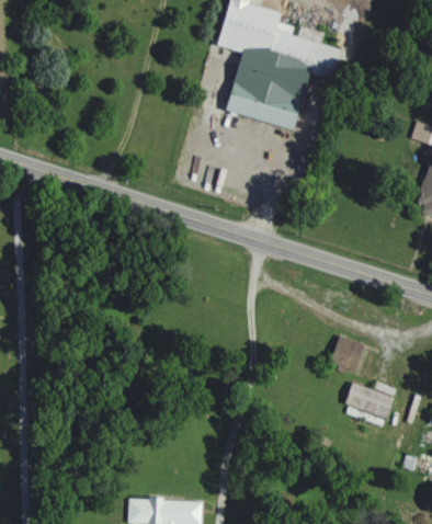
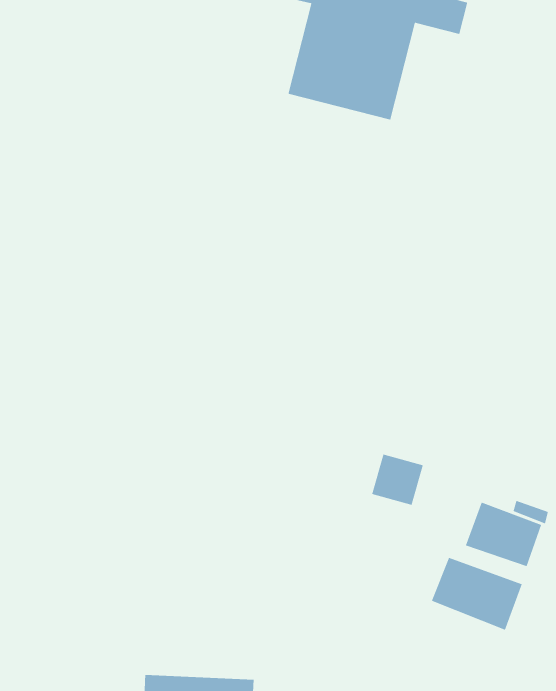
building: [331,335,366,371] -> [371,453,424,506]
building: none -> [431,557,523,631]

